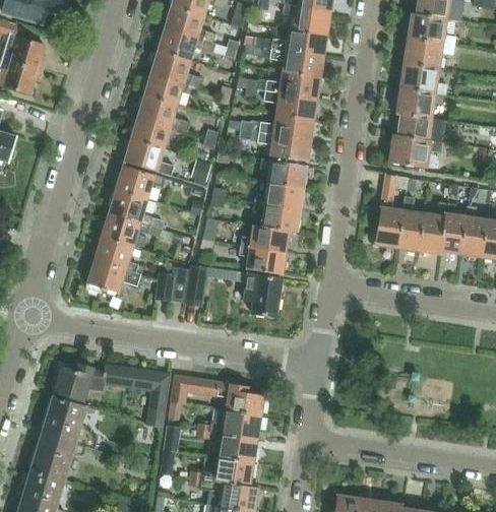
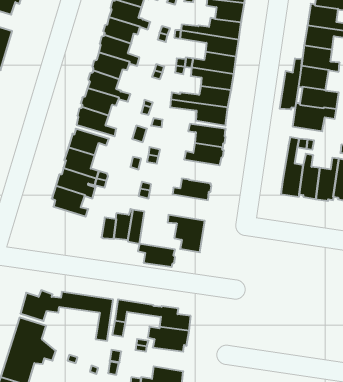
building: none -> [280,58,302,110]
building: [255,202,301,232] -> none
building: [240,245,286,273] -> [138,244,175,267]
building: [85,260,135,293] -> none
building: [216,433,257,462] -> none

